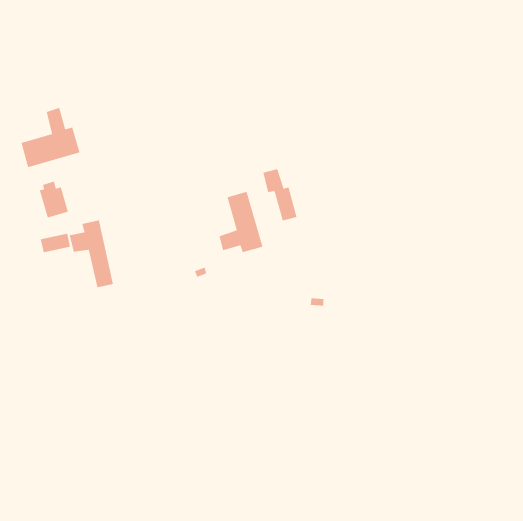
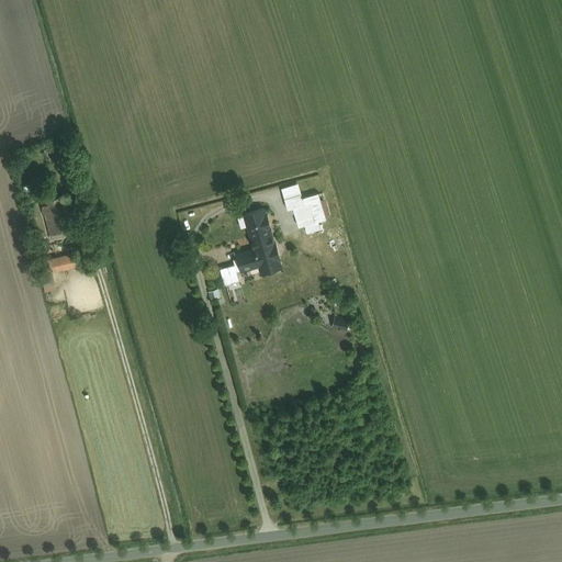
building: [21,107,80,168] -> none
building: [69,219,114,288] -> none

